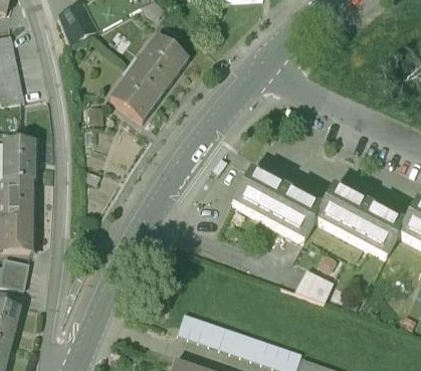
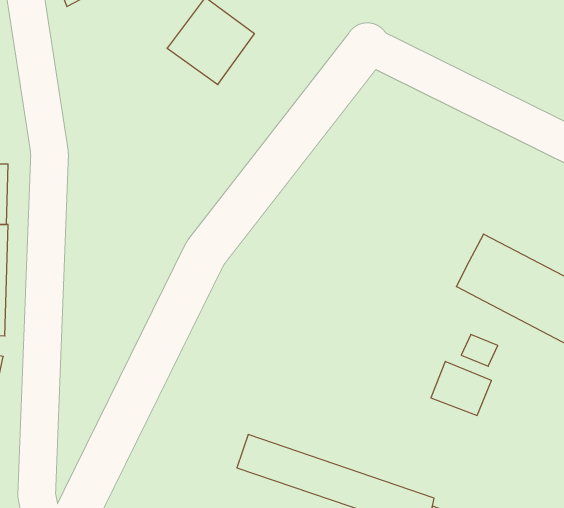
building: [110,68,164,123] -> none
building: [232,170,321,240] -> none

